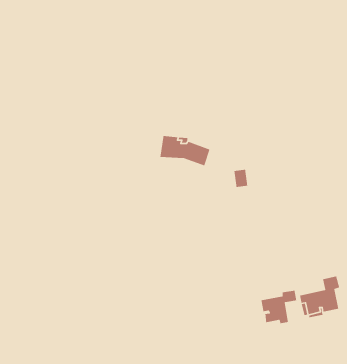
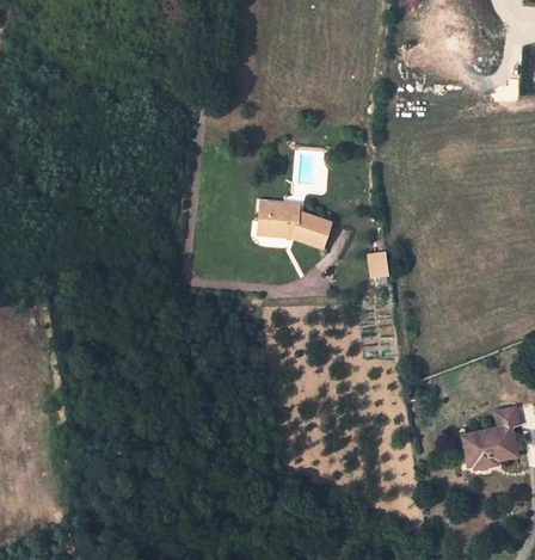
building: [260,290,297,324] -> none

